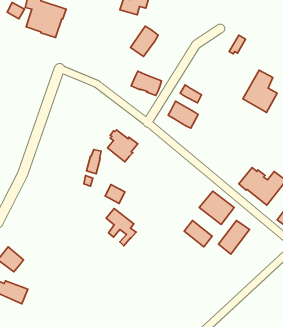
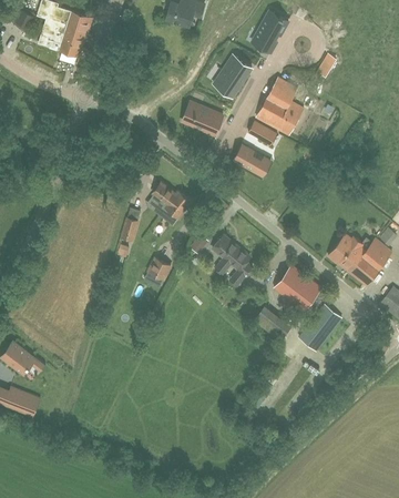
building: none -> [253,10,289,51]
building: [130,26,158,57] -> [214,55,252,96]
building: [243,70,277,113] -> [257,78,304,135]
building: [106,208,136,246] -> [213,235,254,286]

